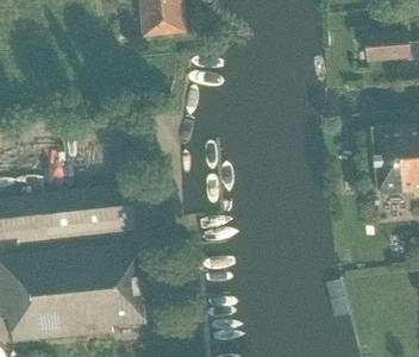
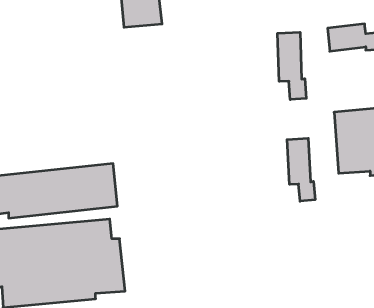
building: none -> [278,32,306,100]
building: none -> [287,138,315,201]

